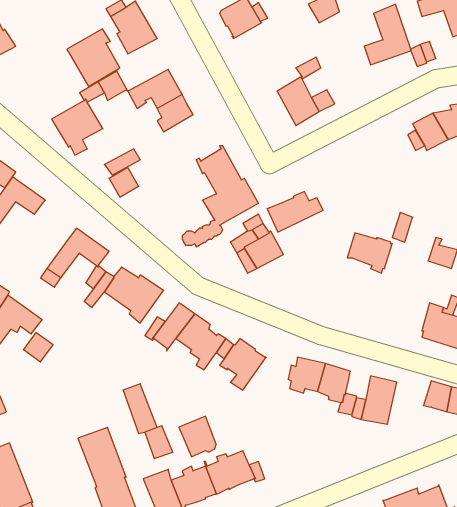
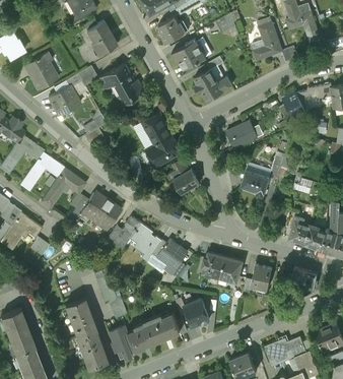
building: [67,29,120,87] -> [23,51,58,88]
building: none -> [172,40,206,70]
building: [267,192,323,232] -> [226,121,263,147]
building: none -> [20,150,64,190]
building: [179,416,216,457] -> [185,300,209,326]

